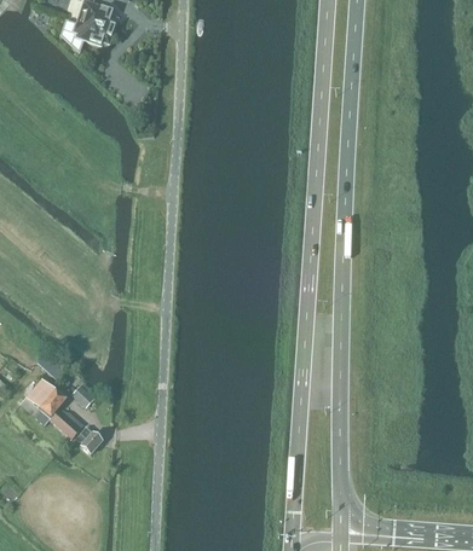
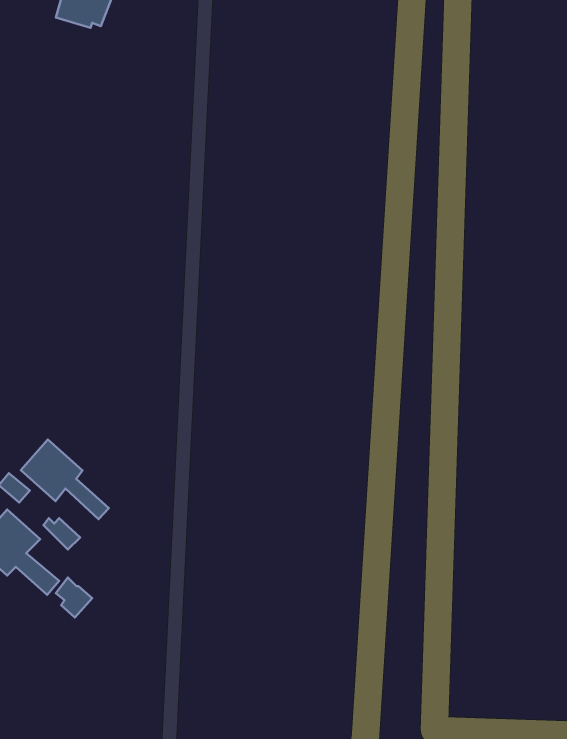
building: none -> [21,440,109,519]

